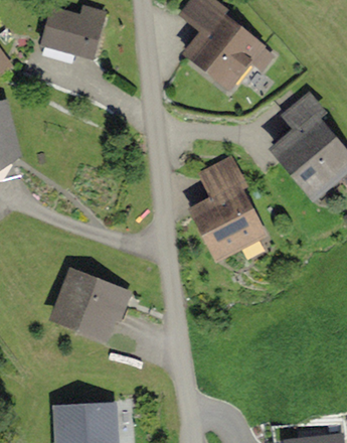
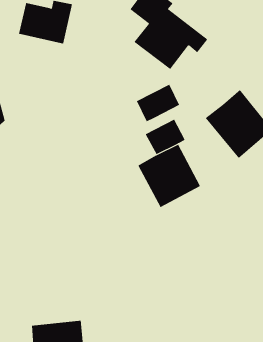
building: [278,90,325,134] -> none
building: none -> [136,84,180,122]
building: [51,272,128,341] -> none

